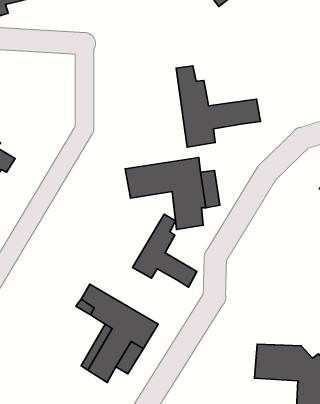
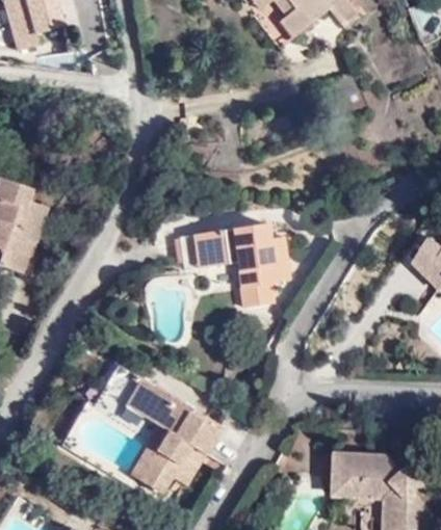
building: [176,66,261,147] -> none
building: [133,214,197,287] -> none

